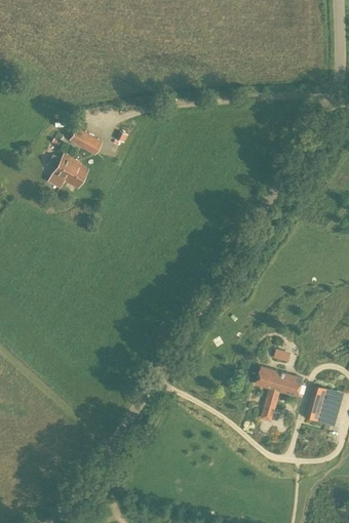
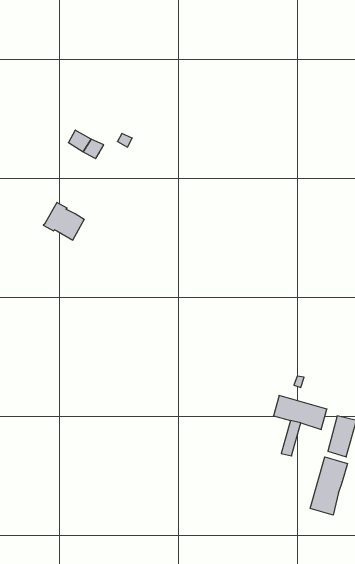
building: [52,155,89,189] -> [43,202,84,240]
building: none -> [310,457,348,515]

